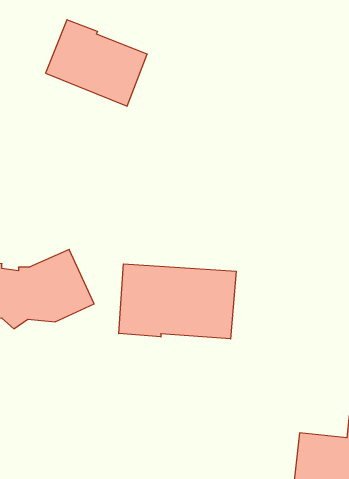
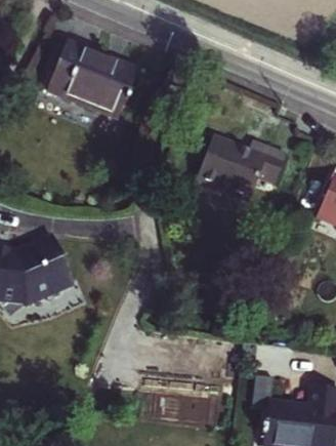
building: none -> [191,132,283,199]
building: [119,264,236,339] -> none

